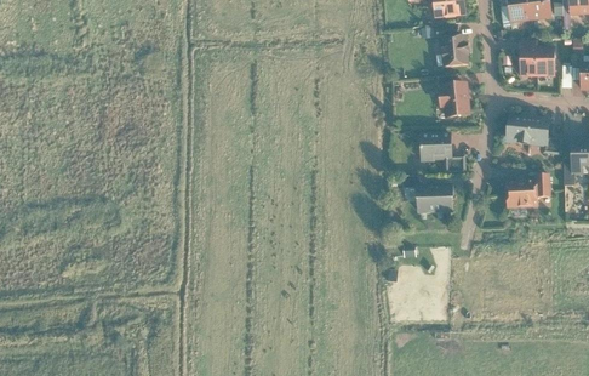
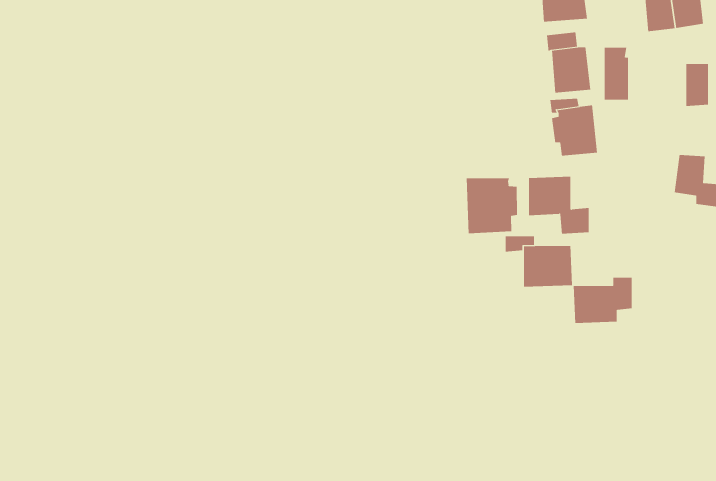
building: [517,44,536,82] -> [604,47,629,100]
building: [507,115,531,146] -> none
building: none -> [466,177,517,234]
building: [507,175,550,209] -> [573,277,632,323]

